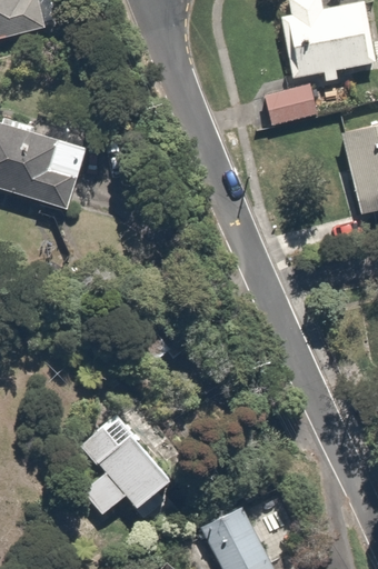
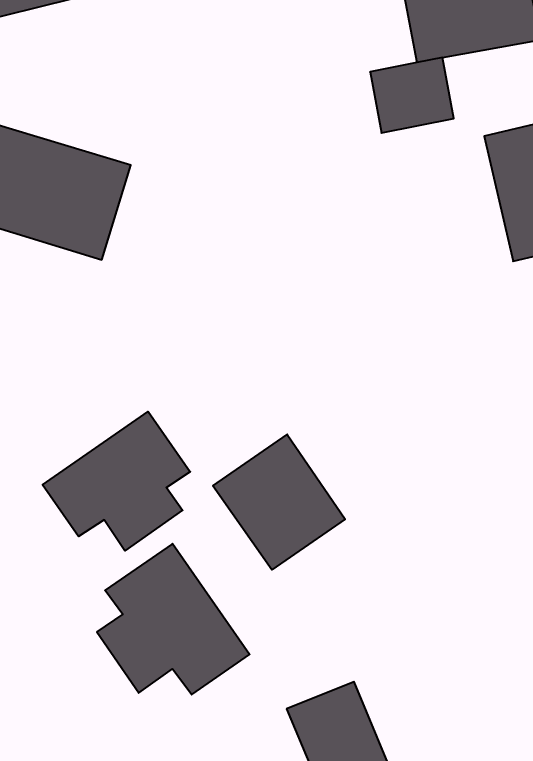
building: none -> [43,412,190,551]
building: none -> [213,434,345,570]

